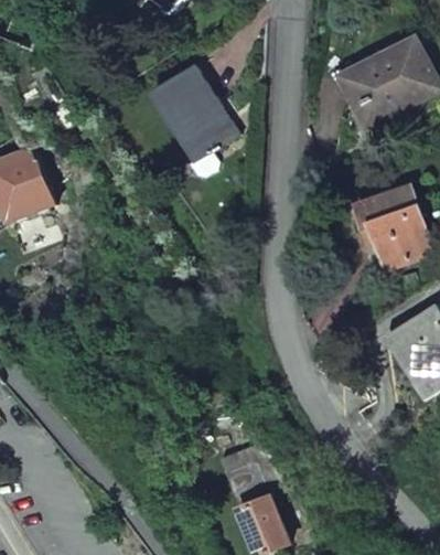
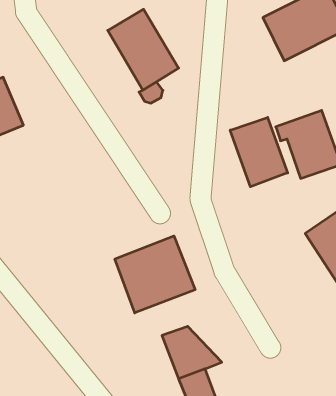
building: none -> [230,117,288,187]
building: none -> [115,236,195,313]

